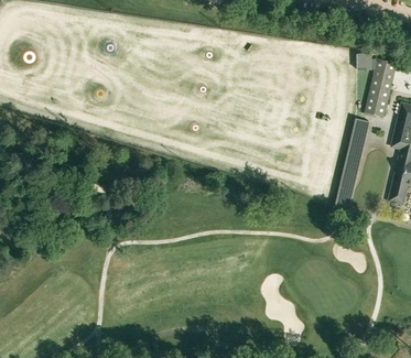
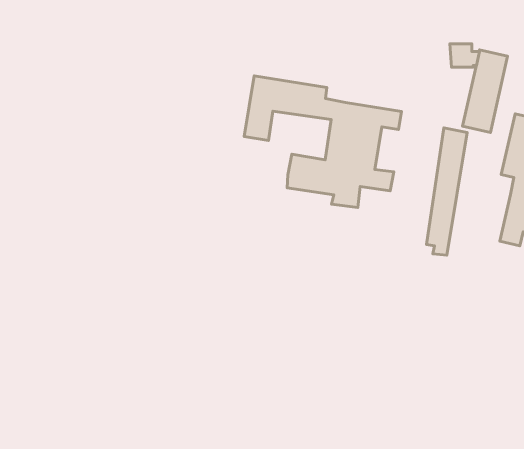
building: none -> [244,76,401,208]

